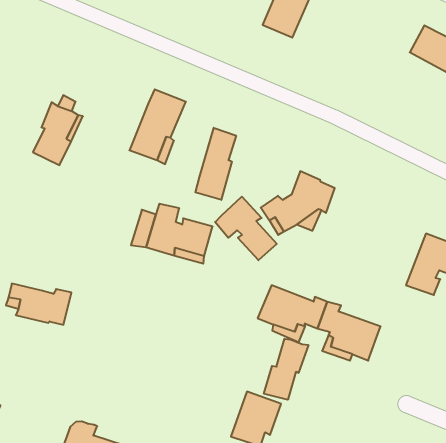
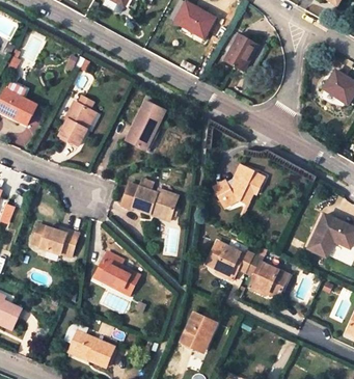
building: [195,128,236,200] -> none
building: [215,197,277,260] -> none
building: none -> [98,252,141,295]
building: [264,339,308,400] -> none

